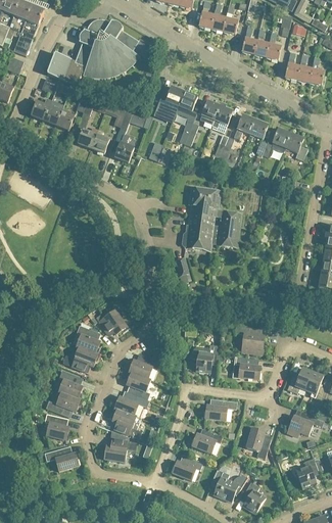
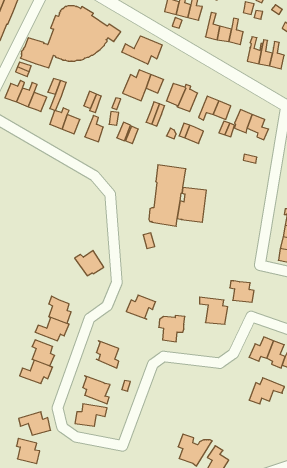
building: none -> [122,36,162,64]
building: [96,308,127,335] -> [75,250,104,276]
building: [129,353,159,379] -> [126,295,156,319]
building: [235,355,260,378] -> [230,281,254,302]
building: [114,390,150,415] -> none
building: [205,397,237,420] -> none
building: [45,413,69,439] -> [16,438,40,464]
building: [246,427,271,458] -> none
building: [192,428,223,451] -> none
building: [173,454,203,479] -> none
building: [296,457,319,487] -> none

